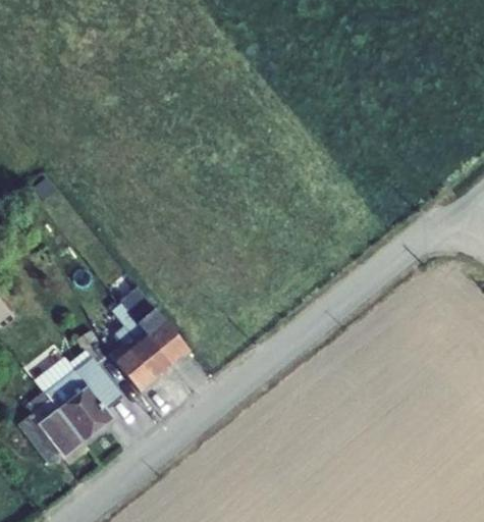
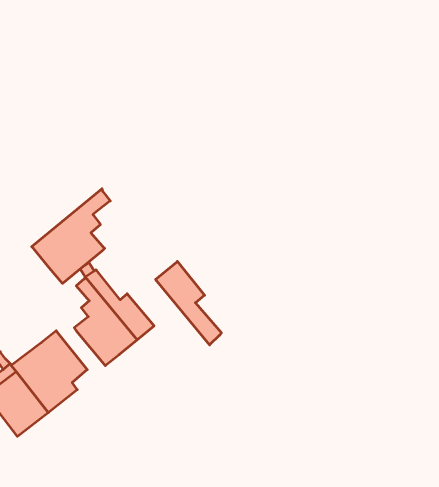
building: none -> [32,189,110,283]
building: none -> [156,261,221,345]

